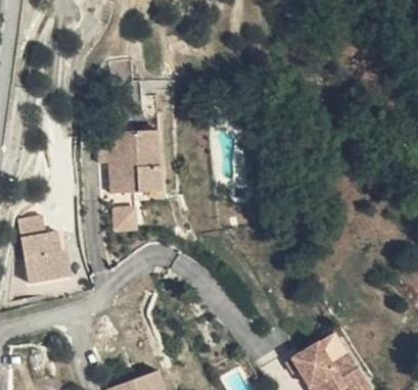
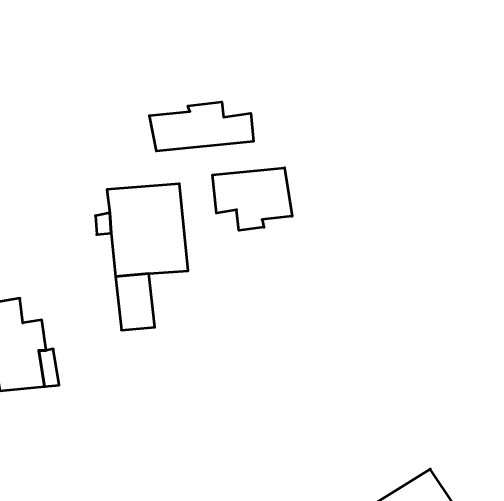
building: none -> [149,102,253,151]
building: none -> [213,168,292,230]

